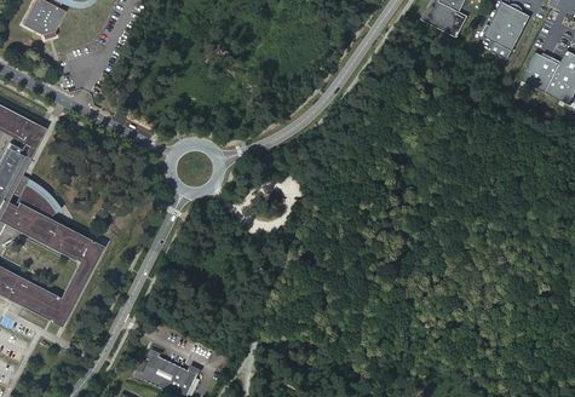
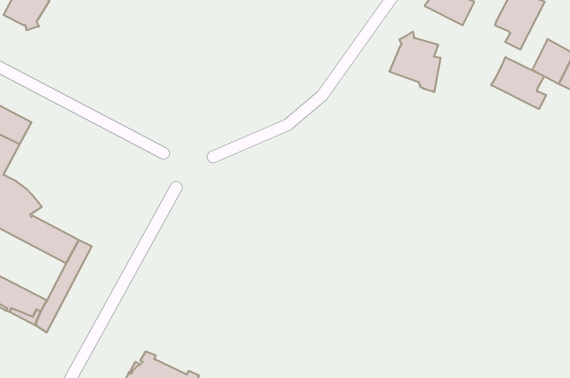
building: none -> [390,32,440,92]
building: none -> [491,57,546,109]

